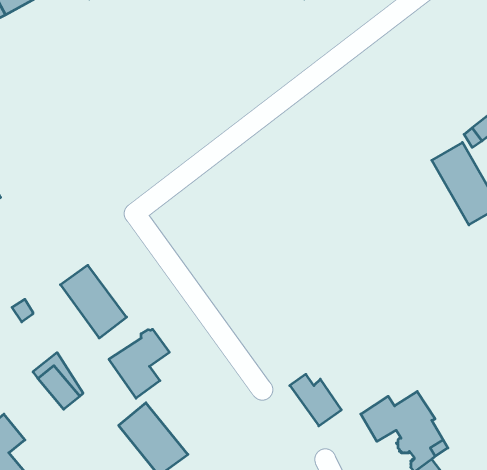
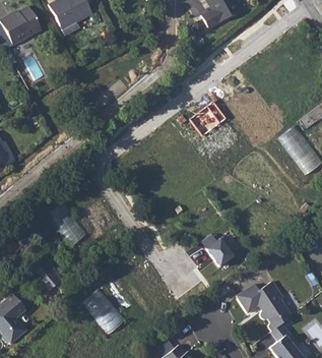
building: none -> [191,103,227,136]
building: [109,329,169,398] -> none
building: [290,374,341,426] -> [202,235,235,267]

